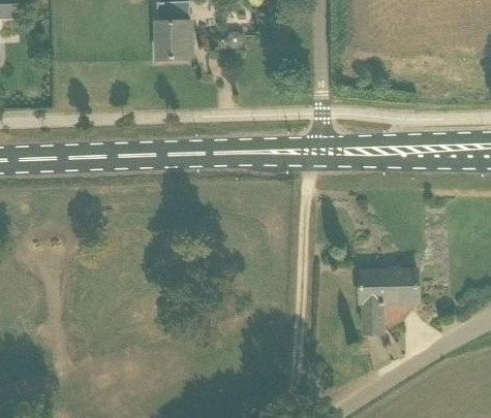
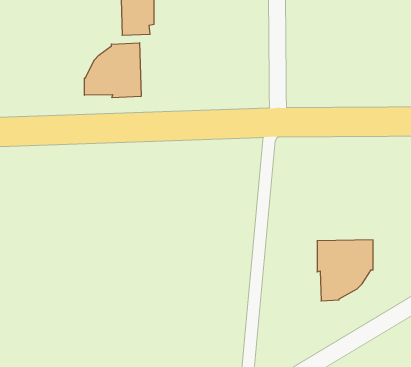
building: none -> [84,43,141,98]

